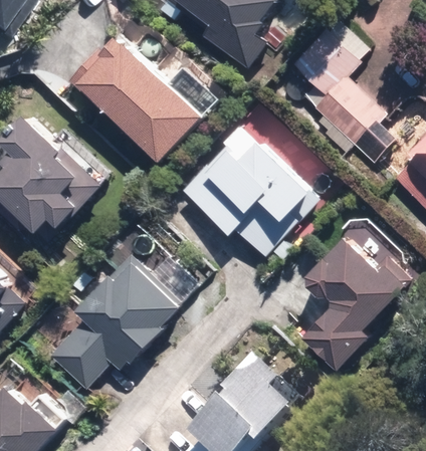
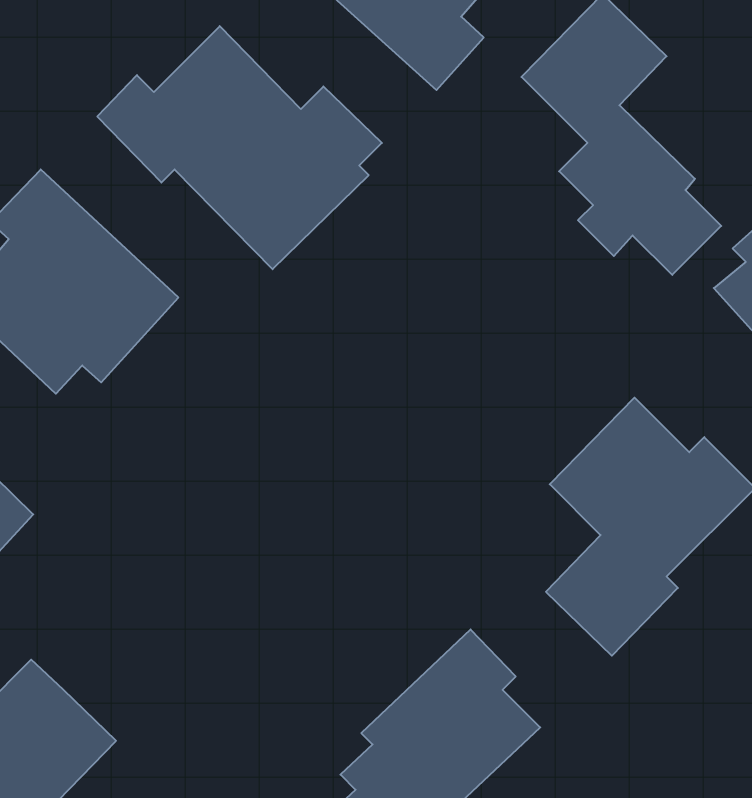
building: [181,128,322,256] -> none
building: [44,259,183,391] -> none

